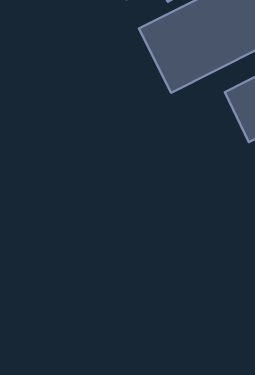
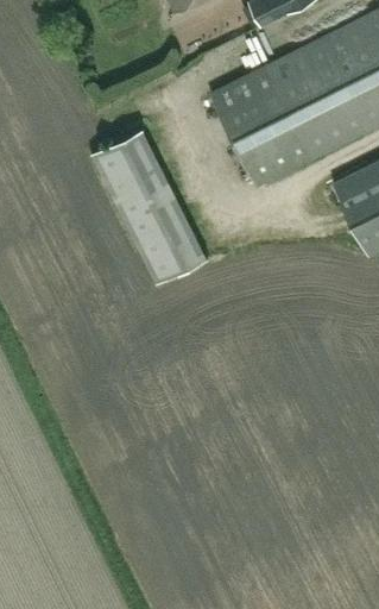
building: none -> [90,127,207,284]

